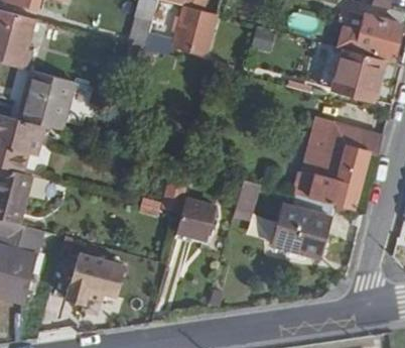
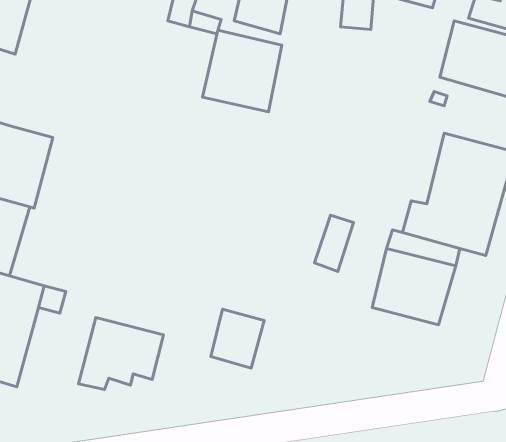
building: none -> [202,30,282,112]
building: [19,72,76,131] -> none
building: [176,200,214,241] -> [211,309,264,368]

